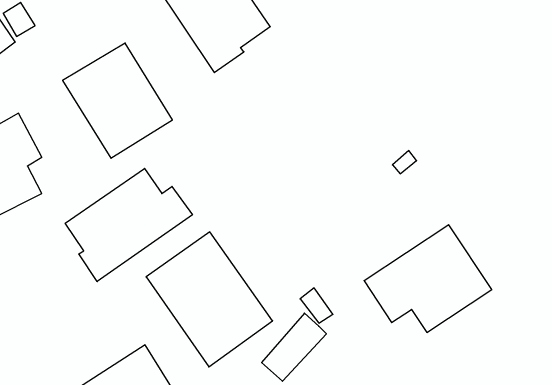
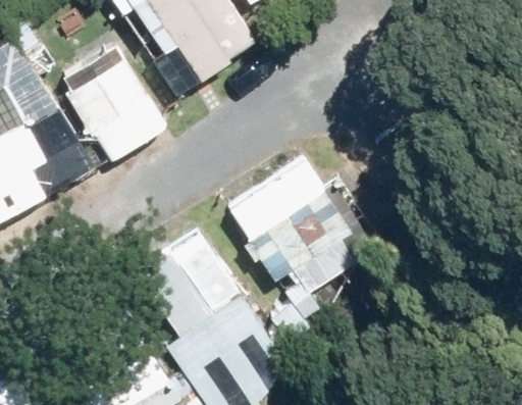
building: [65,168,192,282] -> none
building: [364,225,492,332] -> [249,192,367,292]

